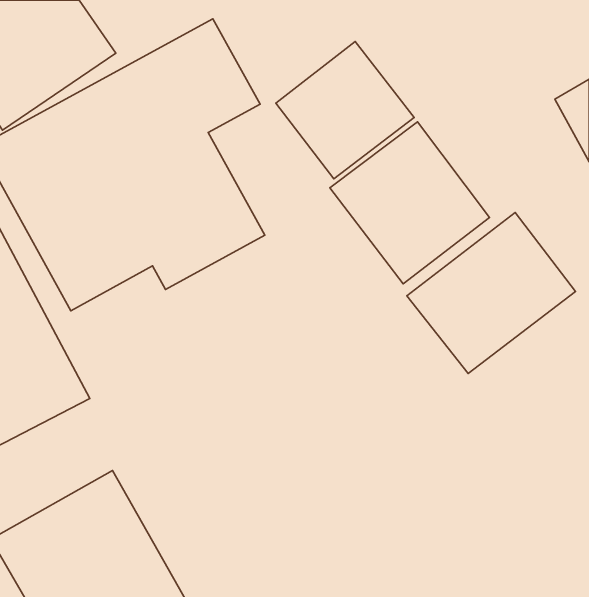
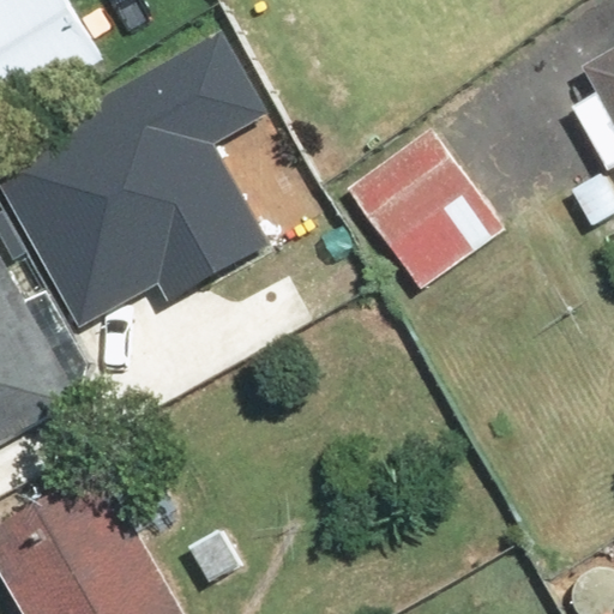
building: [276,42,414,179] -> none
building: [407,212,576,374] -> none

